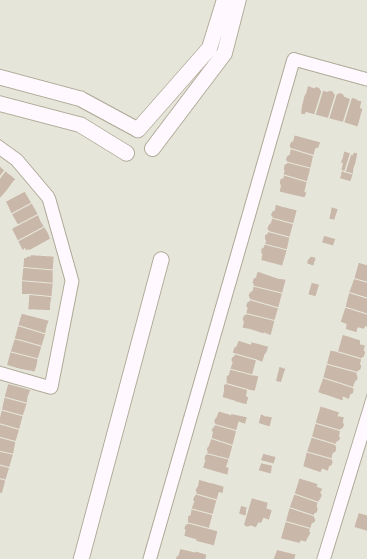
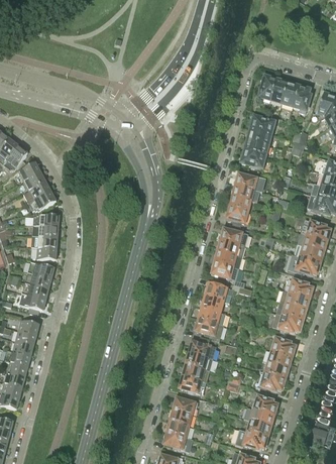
building: [244,498,272,528] -> none

